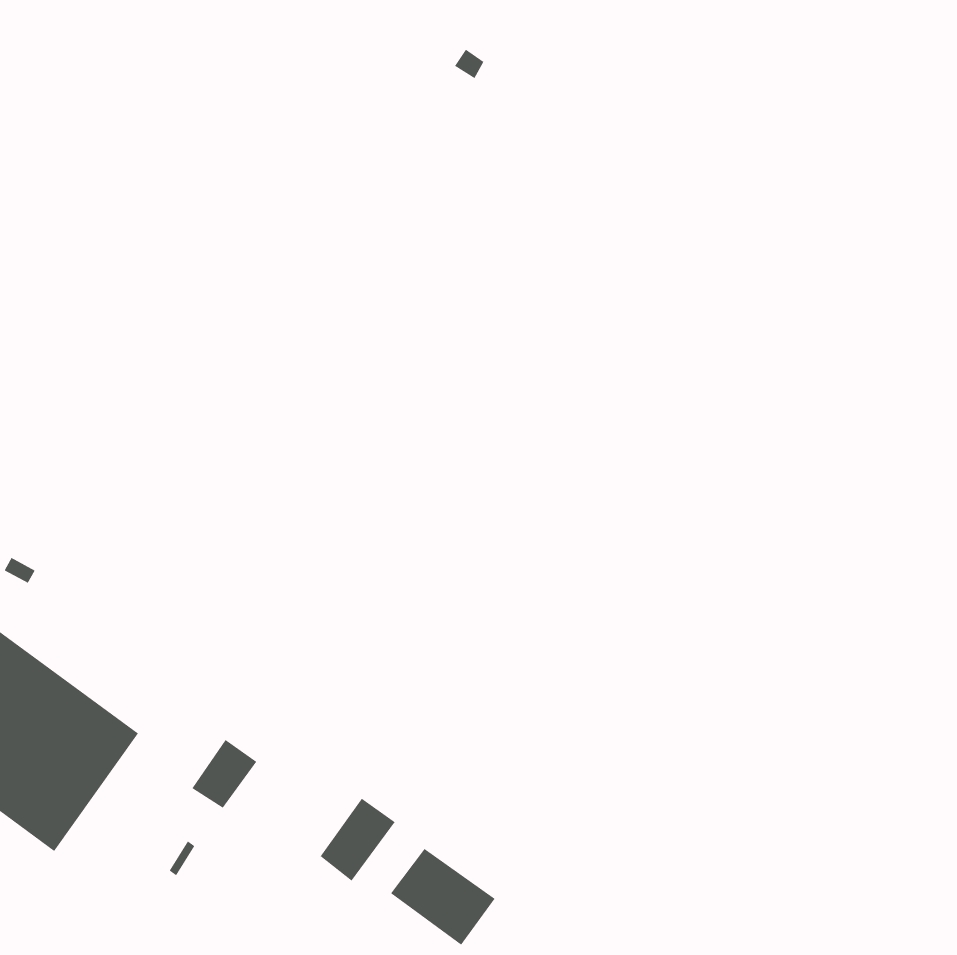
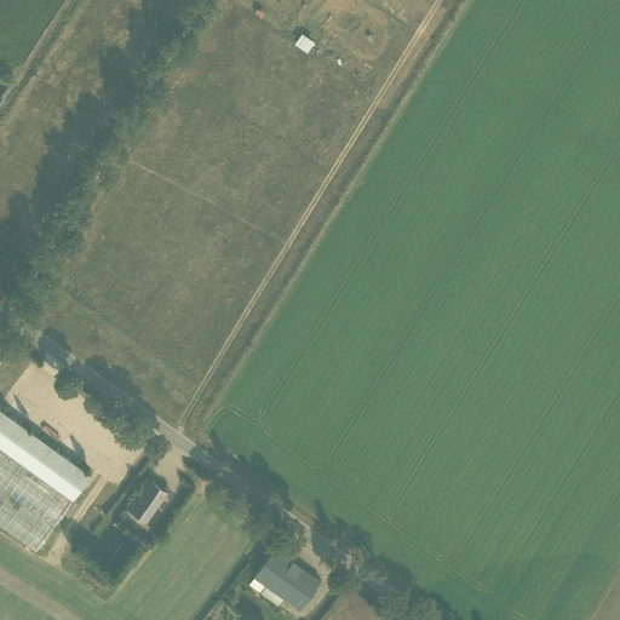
building: [320,798,396,882] -> none

